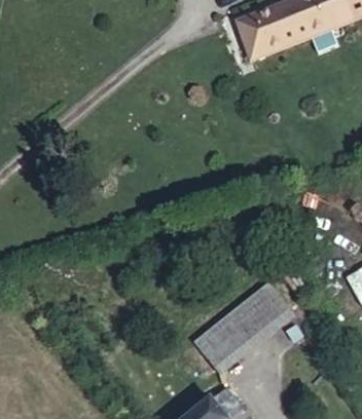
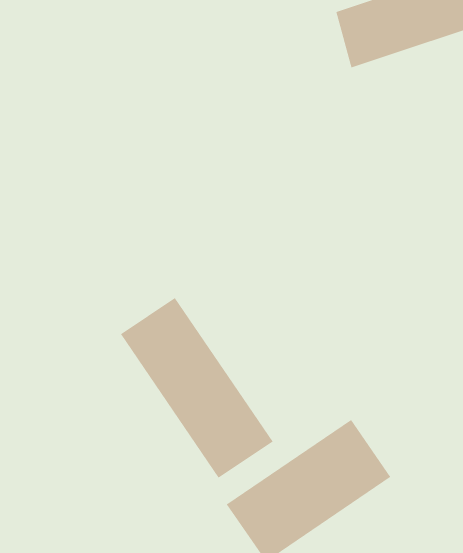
building: none -> [120,297,273,478]

